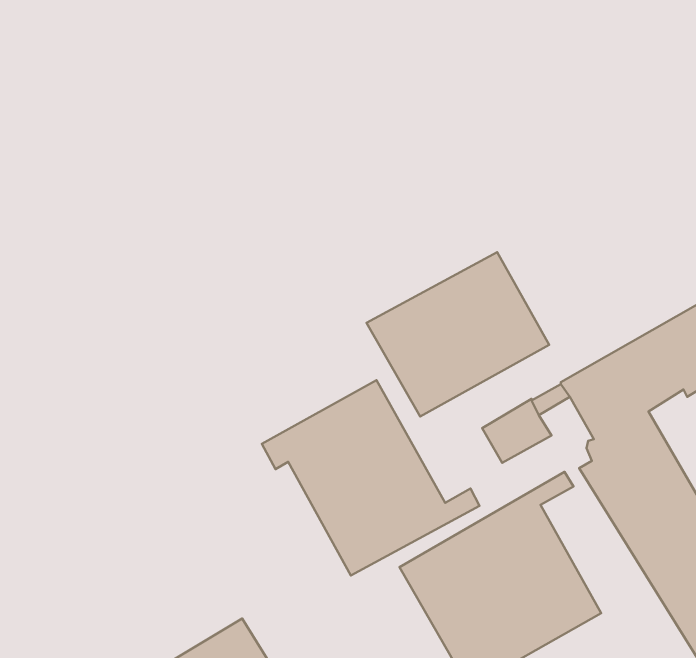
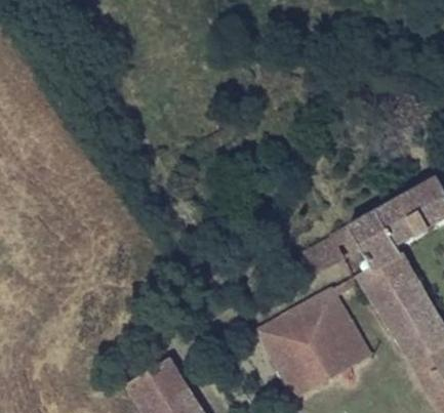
building: [366,252,549,416] -> none
building: [262,380,479,576] -> none

